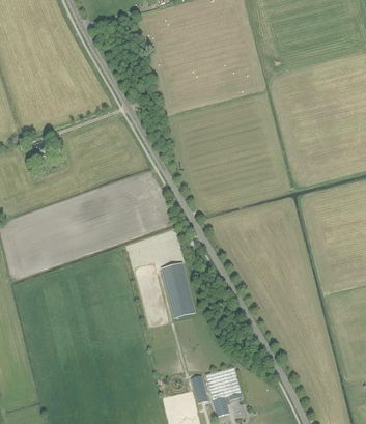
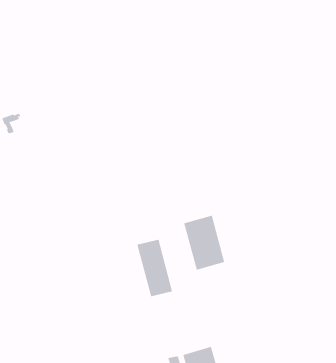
building: none -> [184,215,225,271]

